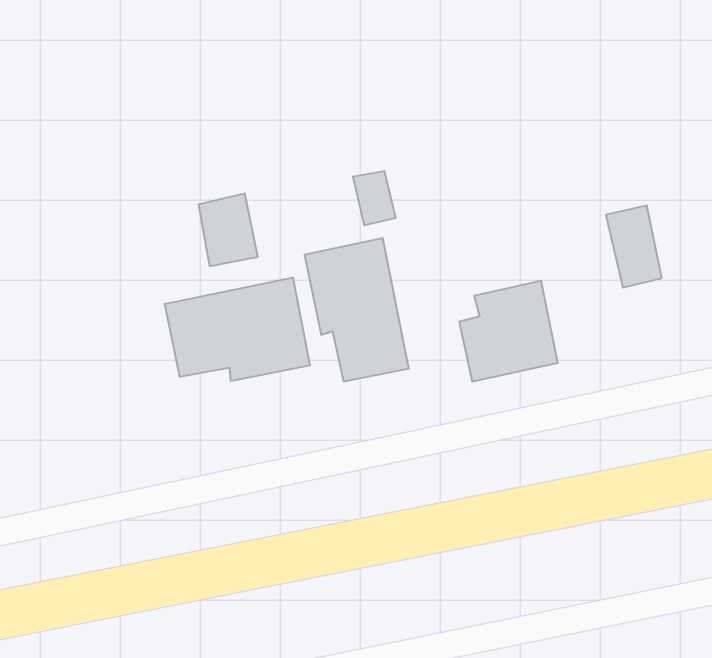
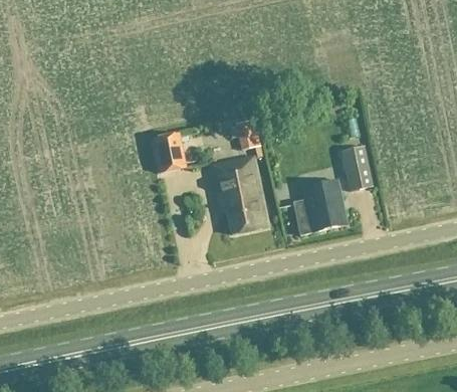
building: [606,206,662,287] -> [341,146,372,190]
building: [165,277,310,381] -> none

